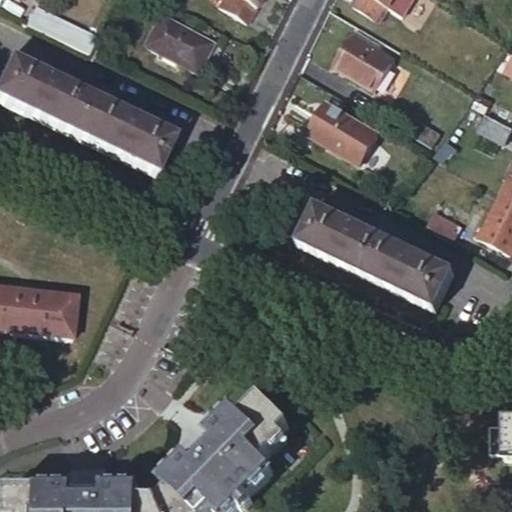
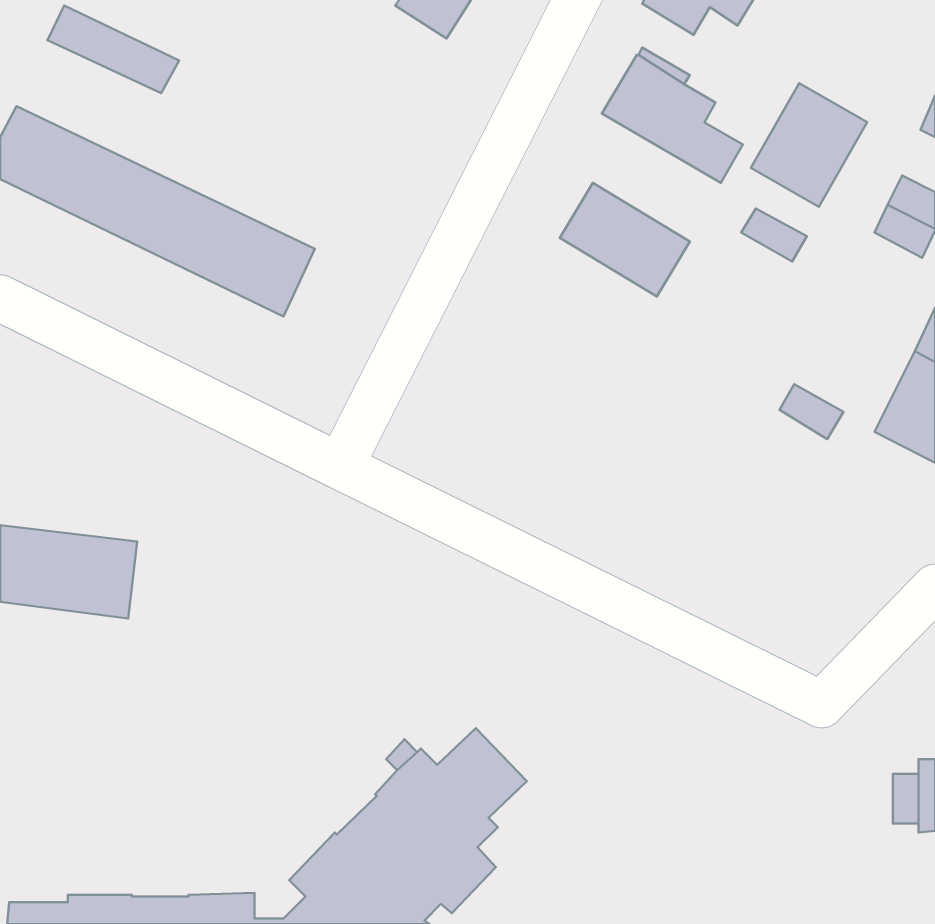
building: [144,13,211,69] -> none
building: none -> [751,83,867,207]
building: [299,206,454,308] -> none

